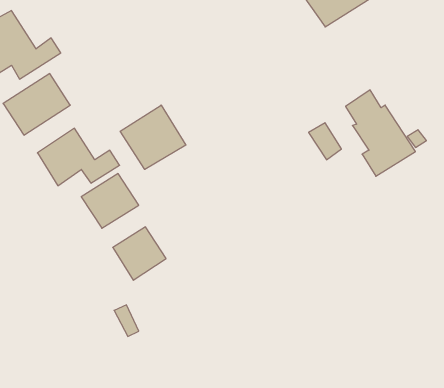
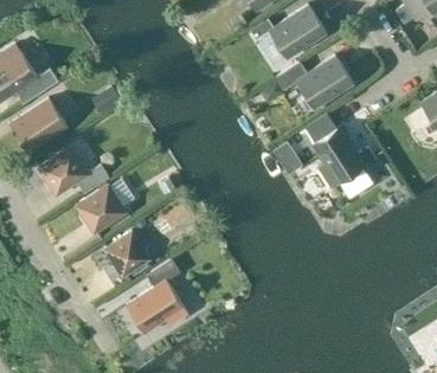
building: none -> [276,54,354,109]
building: [120,105,186,169] -> none
building: none -> [127,258,188,333]

